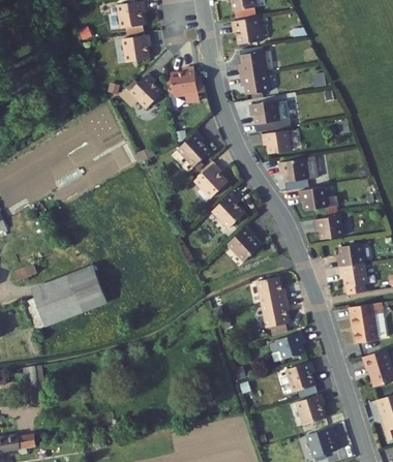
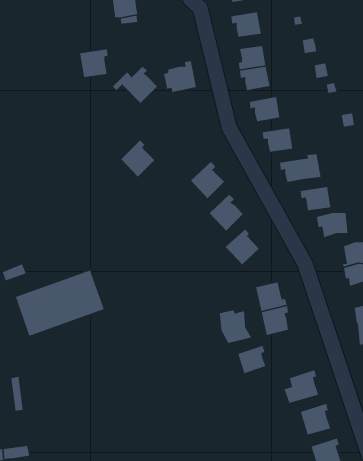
building: [122,33,150,61] -> [79,48,108,78]
building: [177,132,210,168] -> [121,140,155,178]
building: none -> [219,309,252,344]
building: [277,333,305,361] -> [237,345,267,374]

